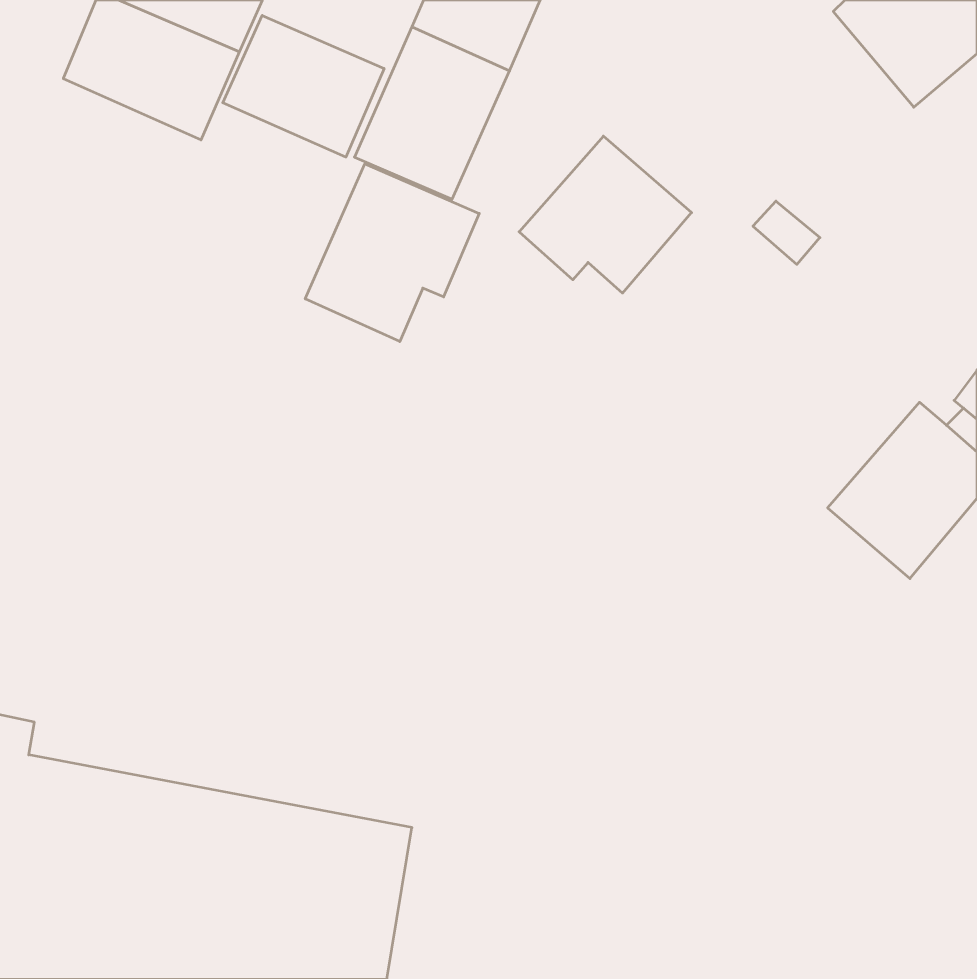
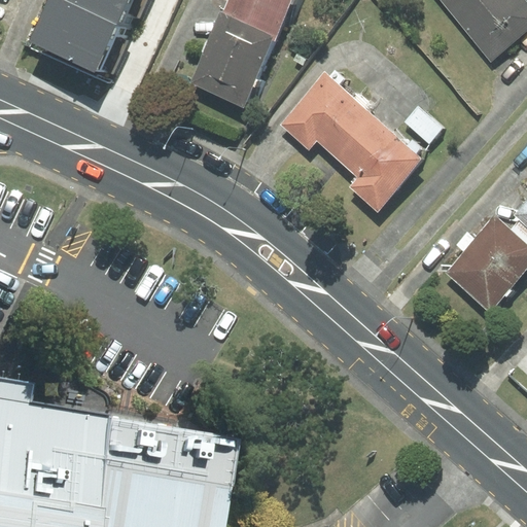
building: [223,15,384,157] -> none
building: [305,164,479,342] -> none
building: none -> [335,114,422,210]

